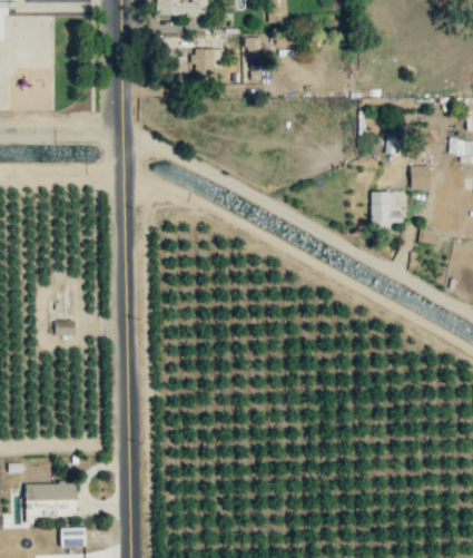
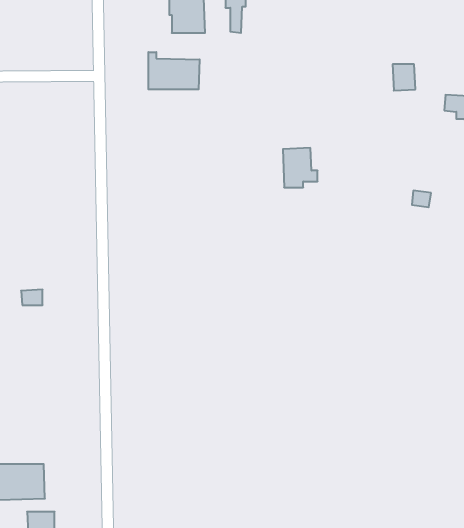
building: none -> [148,52,200,89]
building: [410,165,431,189] -> [393,64,415,91]
building: [371,190,403,227] -> [283,148,318,187]

